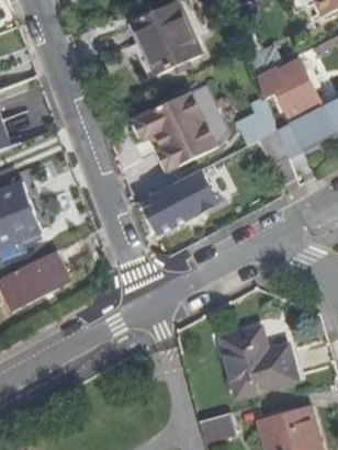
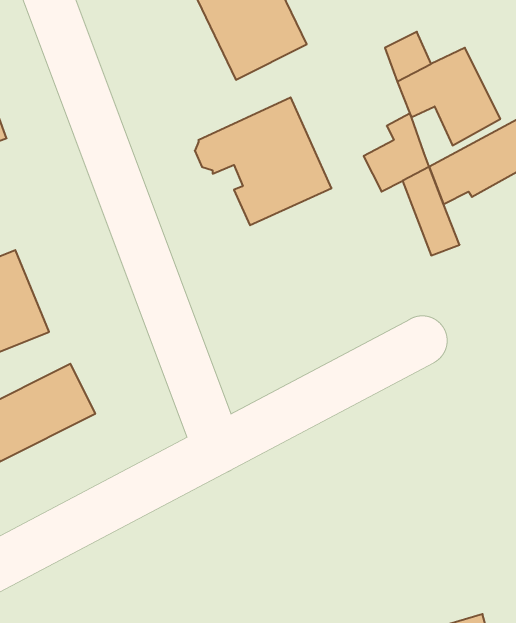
building: [146,172,216,235] -> none
building: [219,327,297,397] -> none

